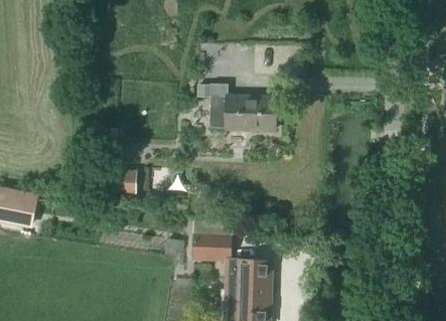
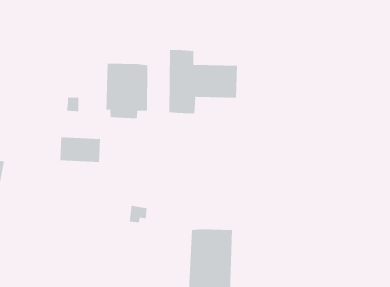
building: none -> [106,63,148,119]
building: [194,234,232,260] -> none

